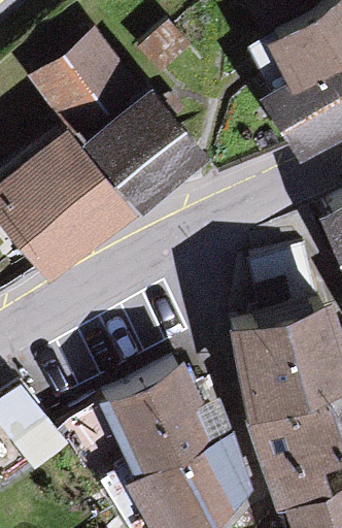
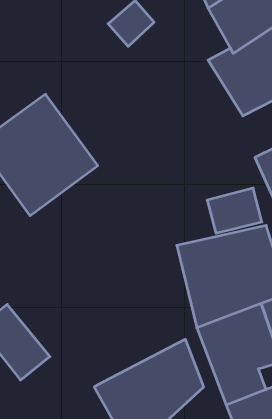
building: [33,36,131,133] -> none
building: [88,90,203,206] -> none
building: [98,358,233,480] -> none

